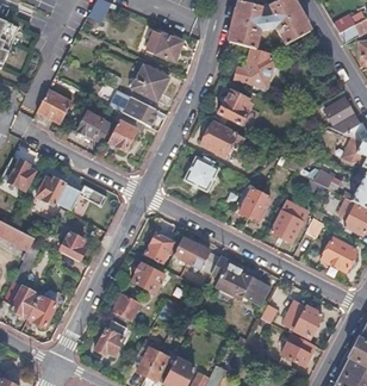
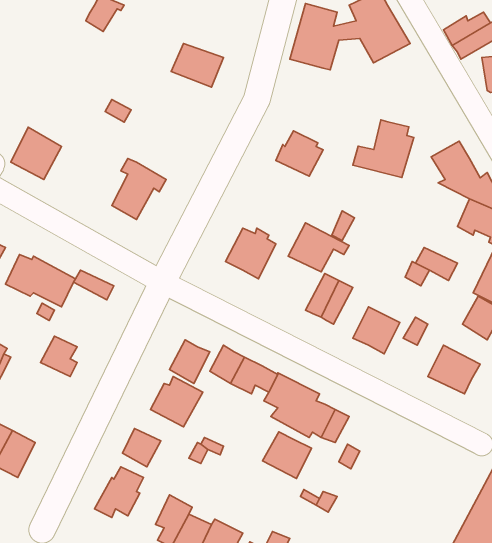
building: [231,48,273,87] -> [353,120,414,177]
building: [130,66,167,100] -> none
building: [123,96,156,126] -> none
building: [75,110,110,142] -> none
building: [201,123,243,156] -> [288,223,349,272]
building: none -> [262,432,312,478]
building: [285,301,322,337] -> none
building: [281,334,316,366] -> none

